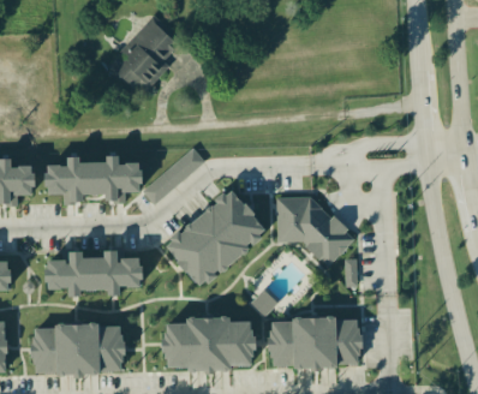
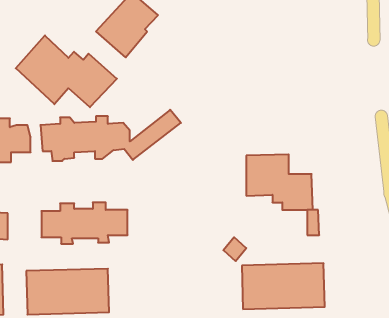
building: none -> [16,35,117,107]
building: [167,191,267,282] -> none
building: [166,316,257,370] -> none

